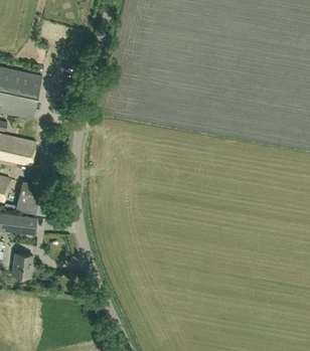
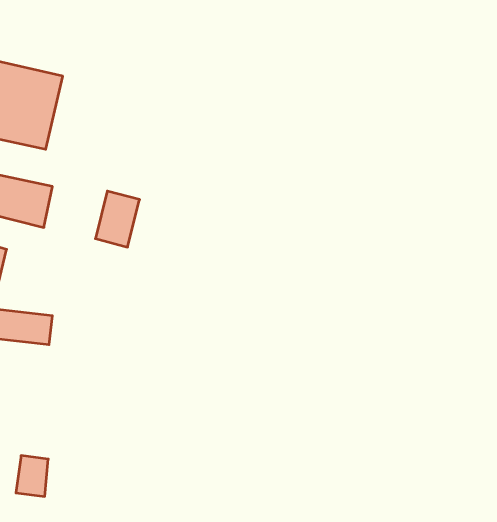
building: [15,180,41,213] -> [95,191,140,247]
building: [12,252,31,277] -> [16,456,48,496]

